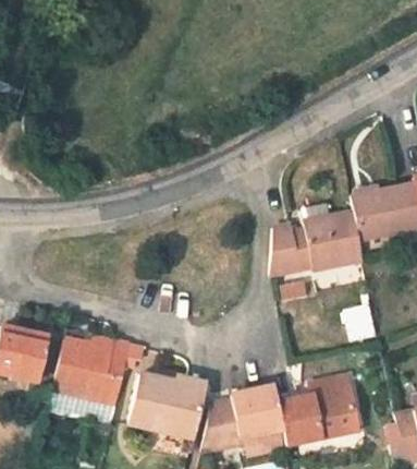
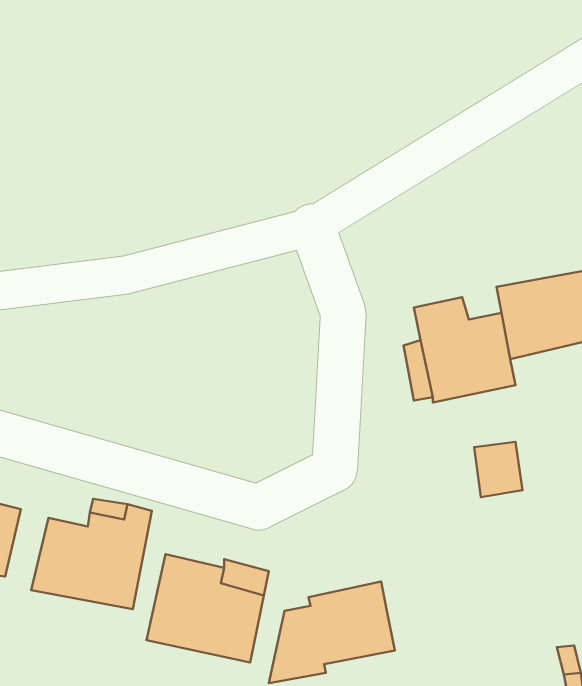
building: [269,228,297,277] -> none
building: [280,376,360,444] -> none

